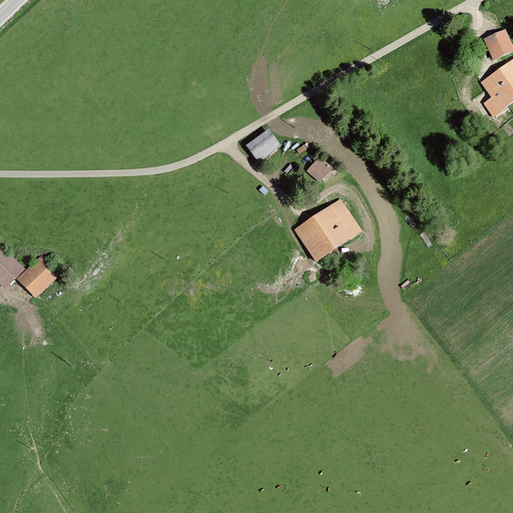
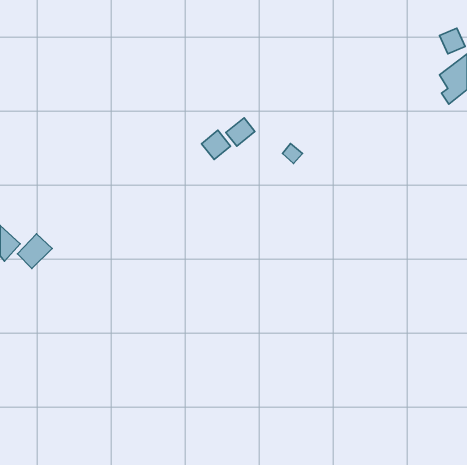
building: none -> [201,130,230,160]
building: [297,199,359,260] -> none

